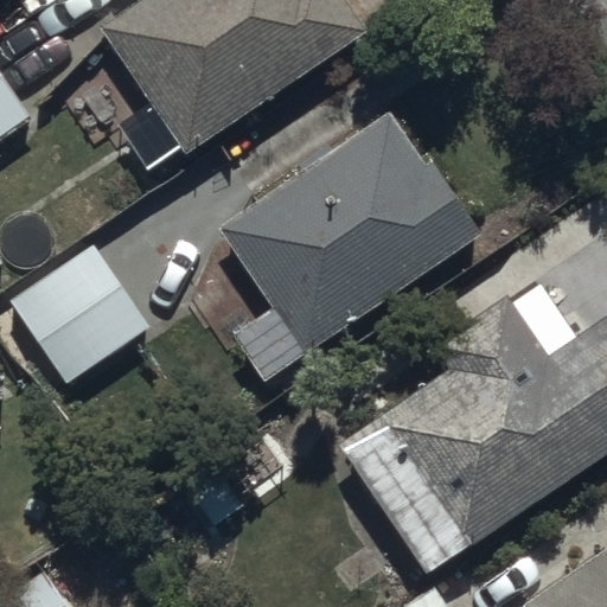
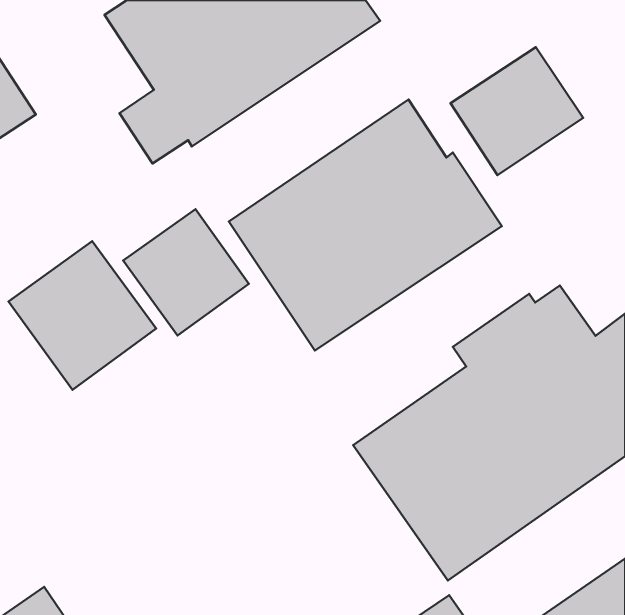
building: none -> [451,47,583,175]
building: none -> [123,209,249,336]

